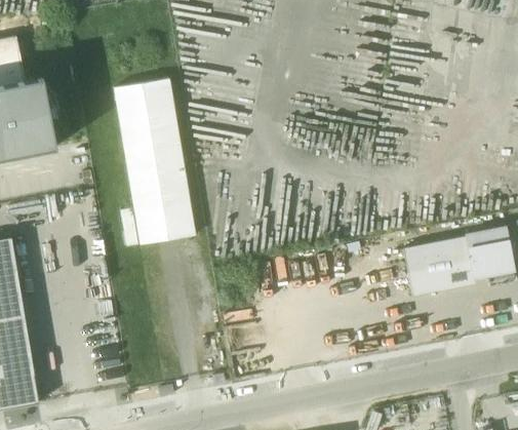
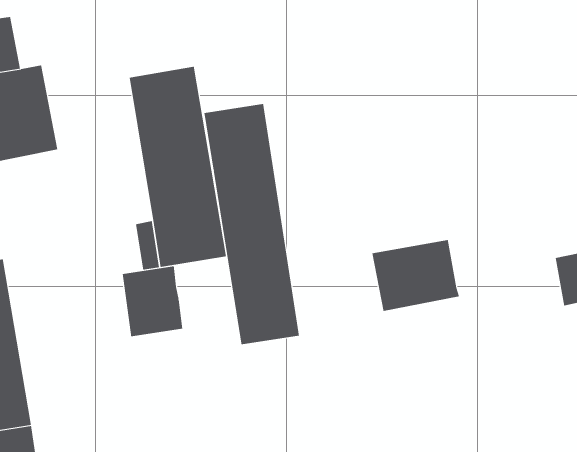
building: none -> [204,103,300,345]
building: [401,237,474,297] -> [371,239,460,311]
building: none -> [122,265,183,337]

